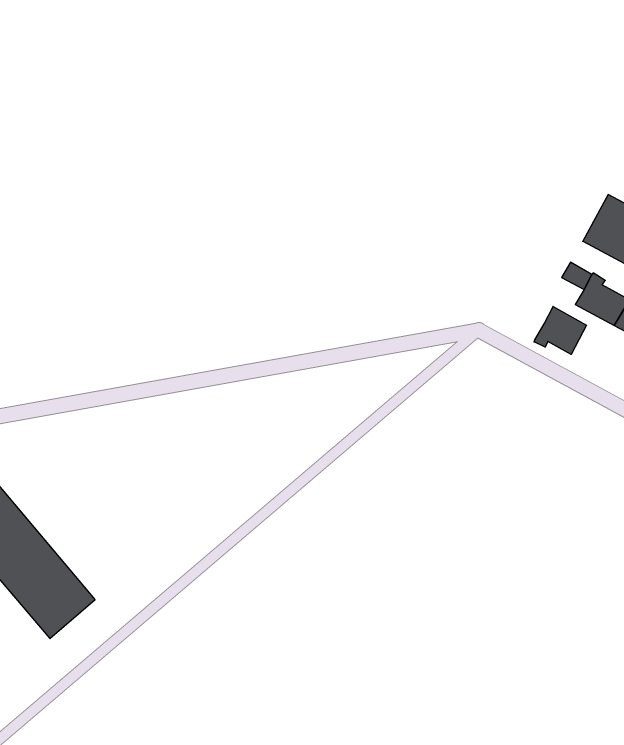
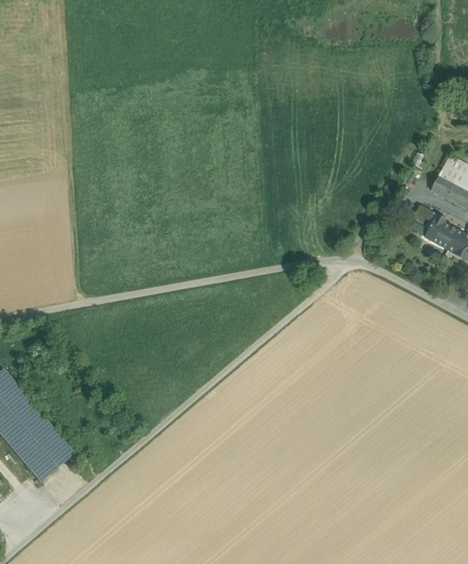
building: [534,306,586,354] -> none

